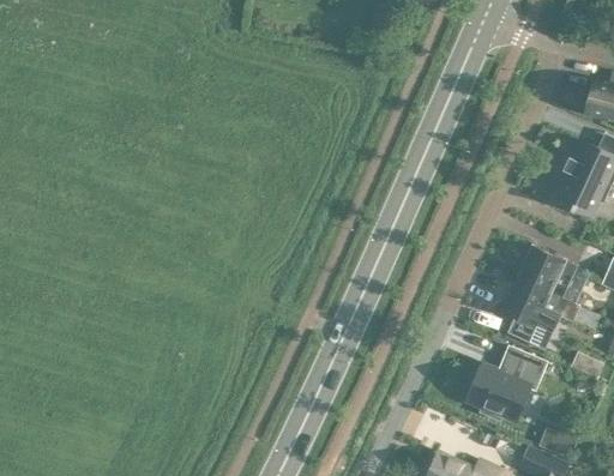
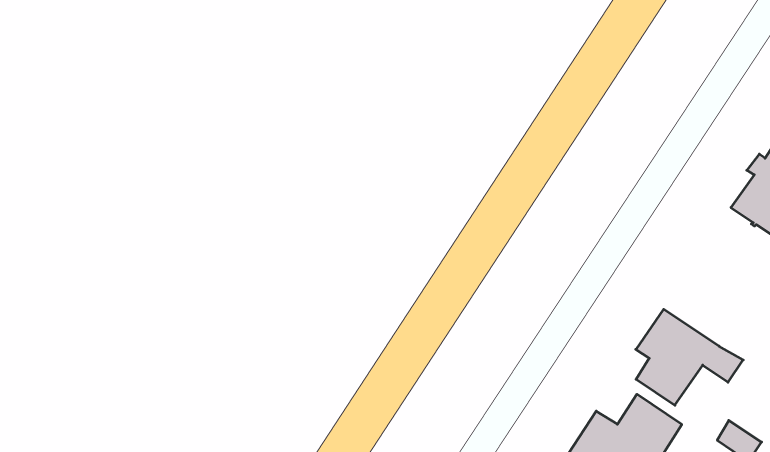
building: [519,246,578,300] -> none

